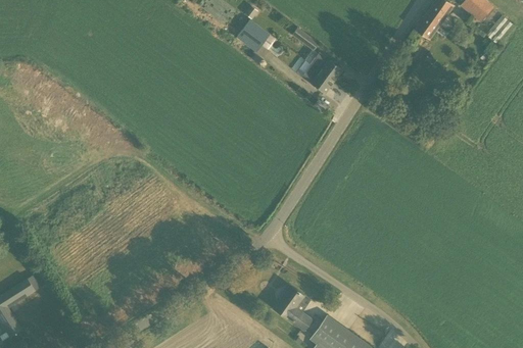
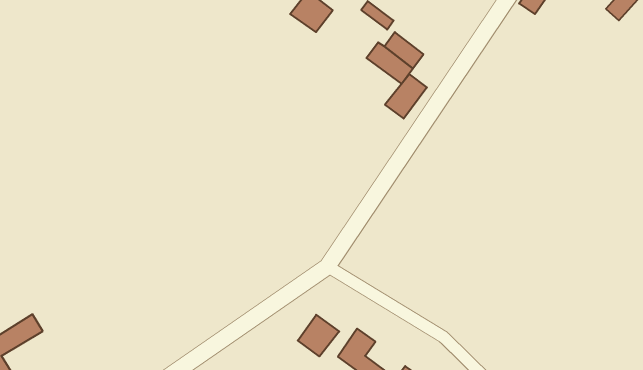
building: none -> [385,74,427,119]
building: none -> [298,315,339,356]

